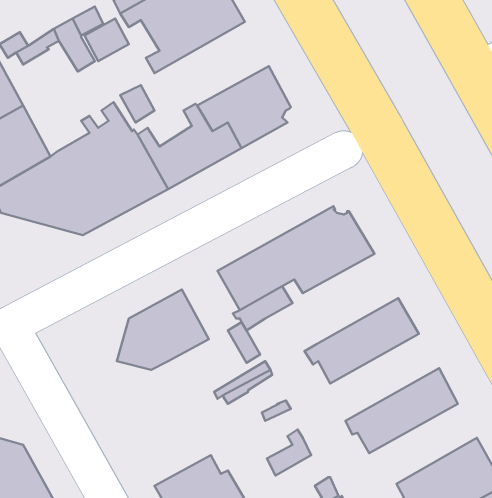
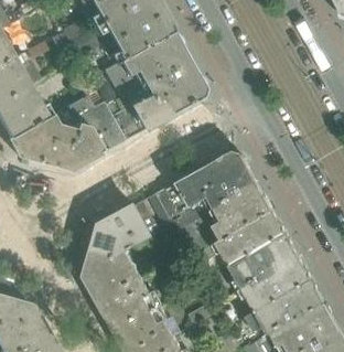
building: none -> [111,32,190,86]
building: none -> [212,182,273,241]
building: none -> [229,234,300,290]
building: none -> [85,252,152,332]
building: none -> [255,279,324,335]

